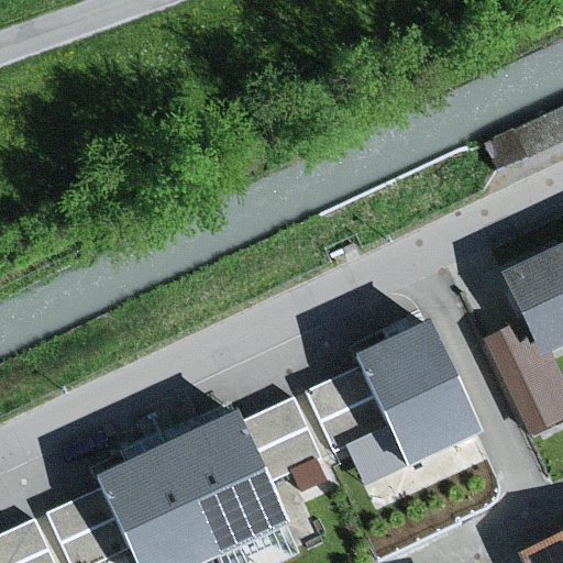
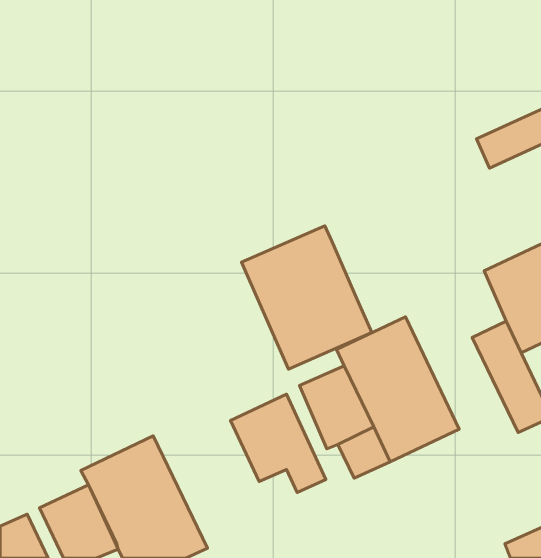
building: none -> [241,226,372,369]
building: [172,406,295,552] -> none

